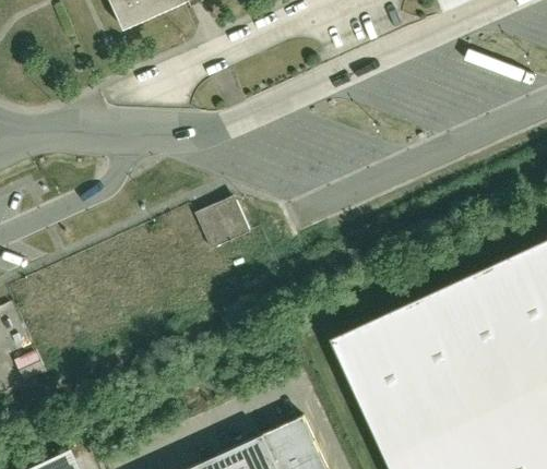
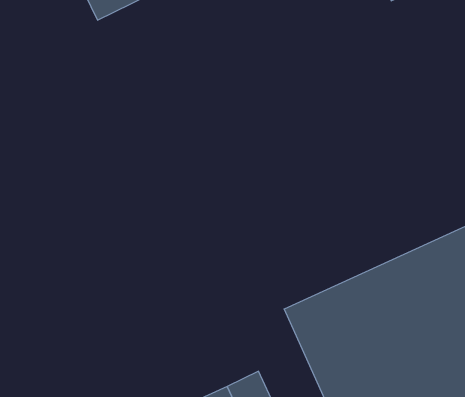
building: [199,202,252,252] -> none

